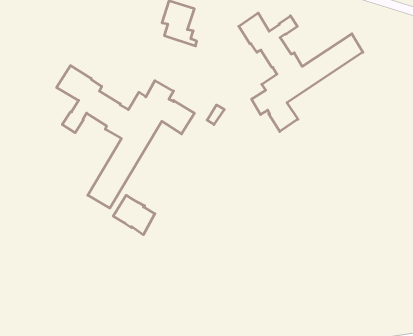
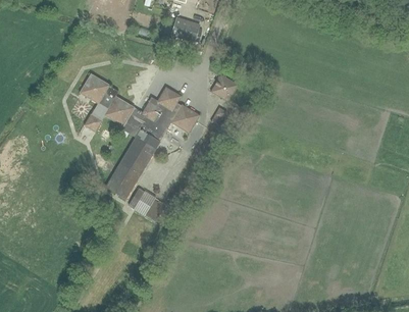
building: [239,13,363,132] -> none
building: none -> [210,73,239,101]

